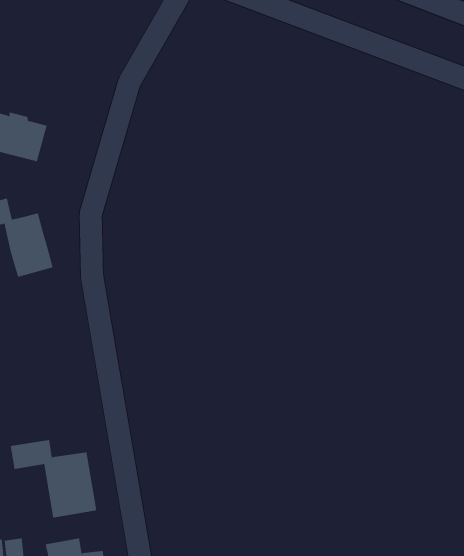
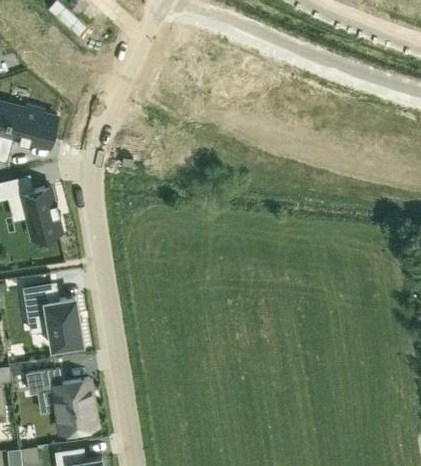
building: none -> [24,284,83,349]

